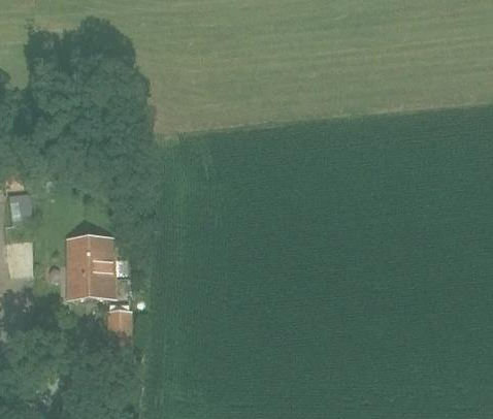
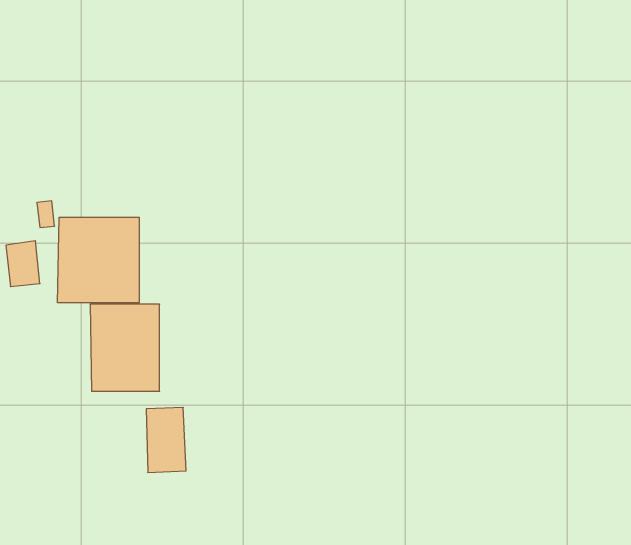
building: none -> [58,217,139,303]

